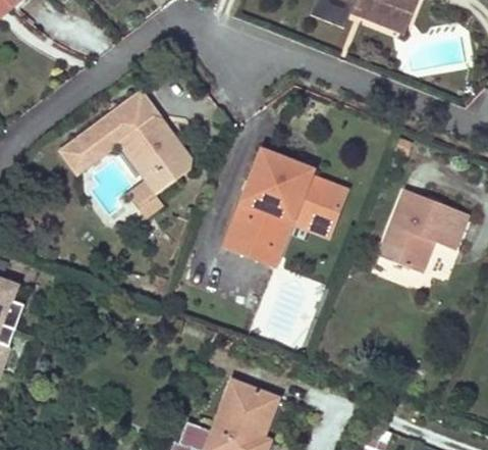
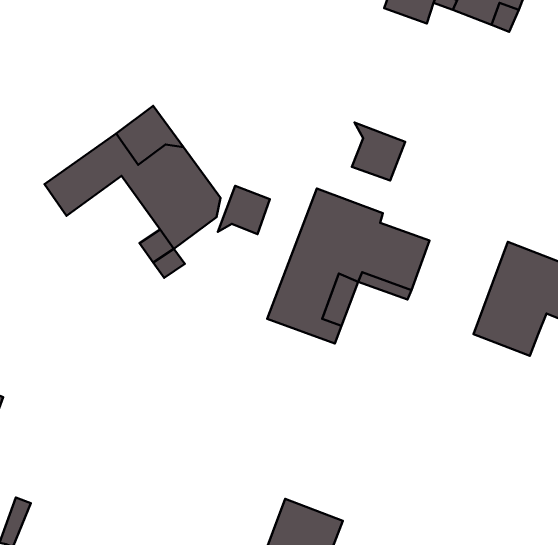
building: none -> [352,123,405,181]
building: none -> [218,186,270,234]

